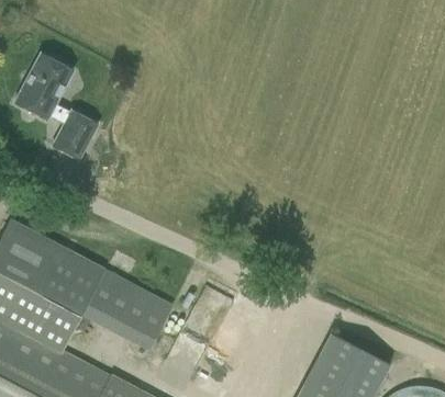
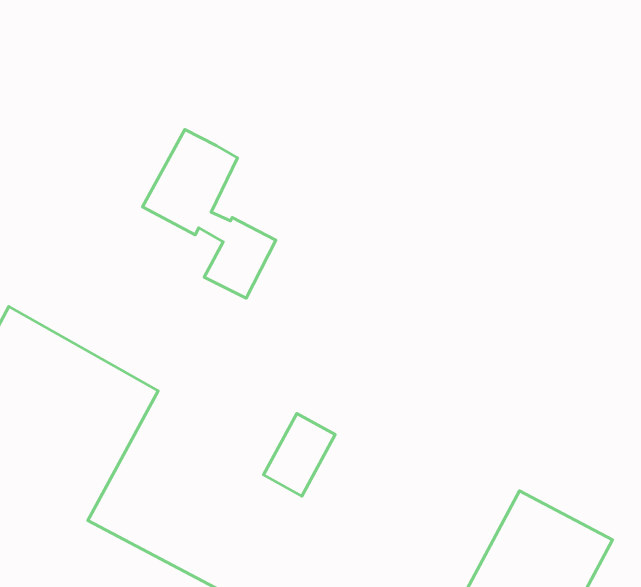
building: [15,53,99,158] -> [143,130,276,298]
building: [84,270,173,348] -> none

